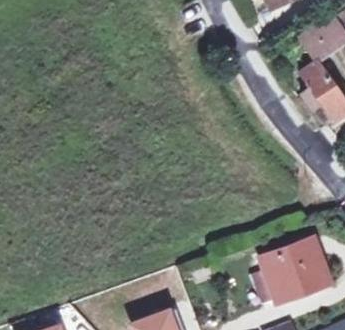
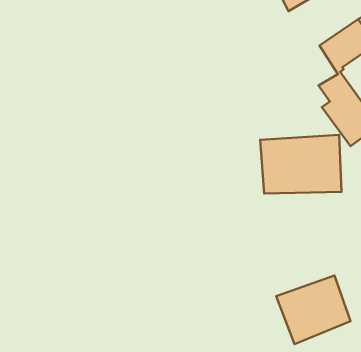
building: none -> [260,135,341,193]

